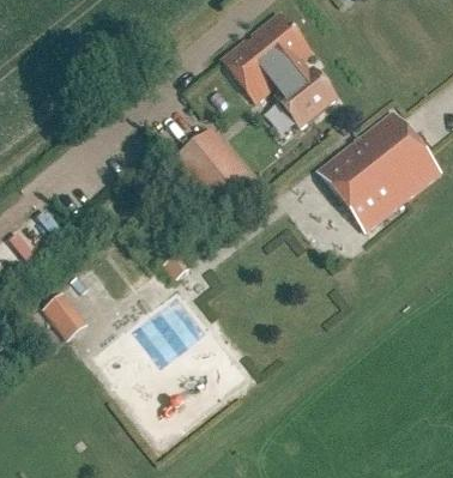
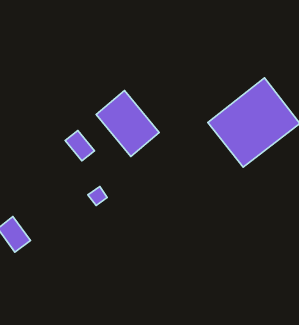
building: [223,16,337,127] -> none
building: none -> [65,131,95,161]

